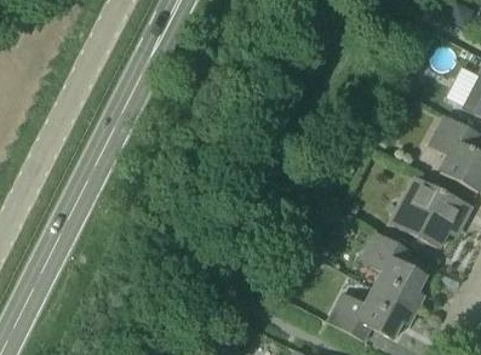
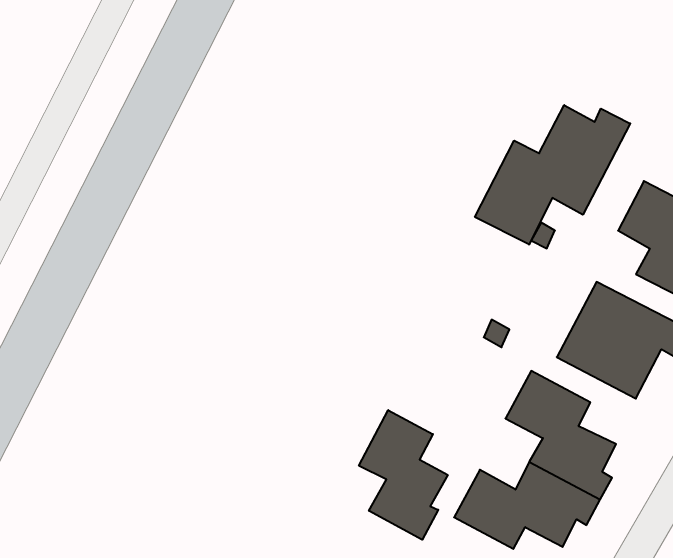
building: none -> [475,105,630,245]
building: none -> [359,410,448,540]

